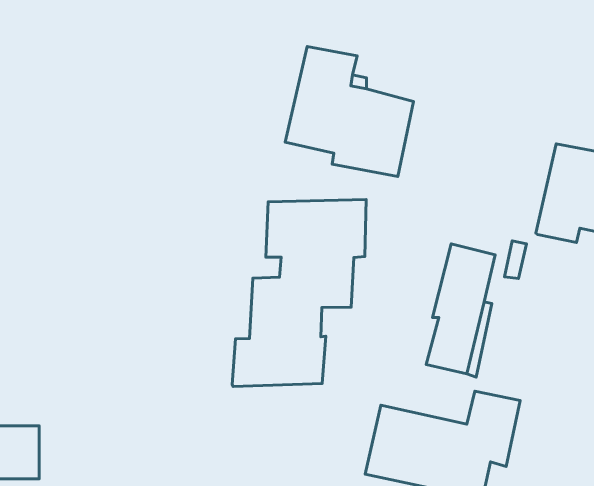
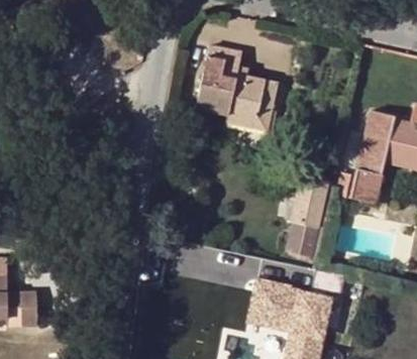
building: [232,199,366,386] -> none
building: none -> [349,168,382,204]

